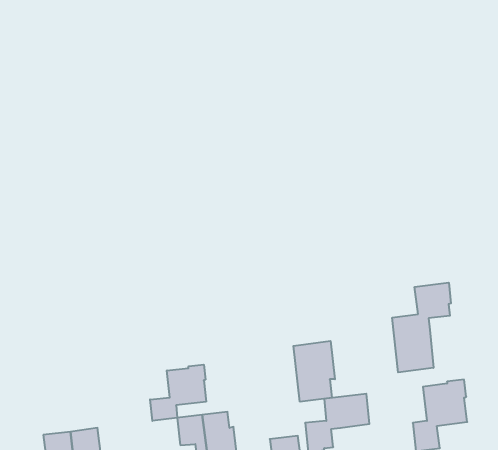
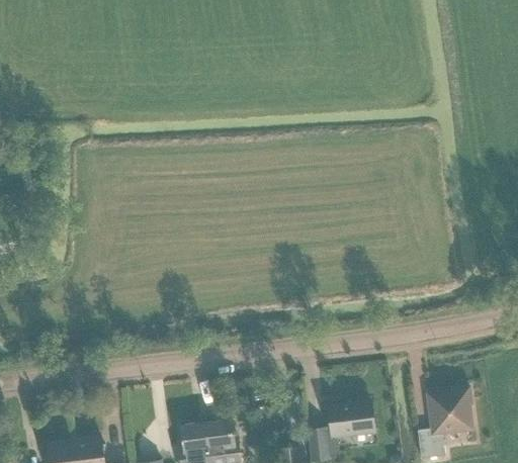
building: [392,283,451,372] -> none
building: [293,341,335,402] -> none
building: [150,365,206,421] -> none

